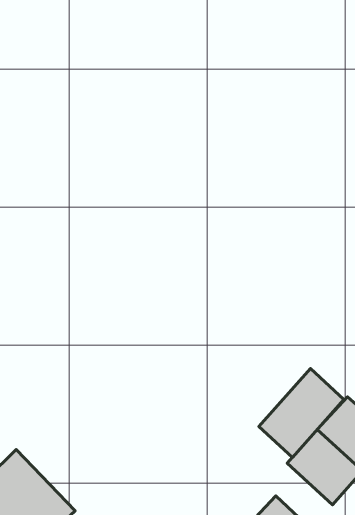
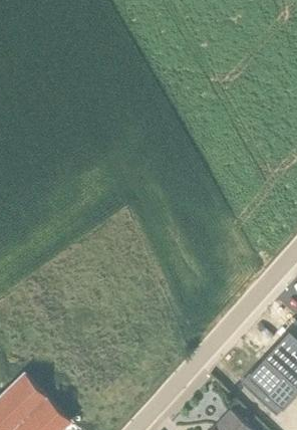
building: [259,369,344,457] -> none

